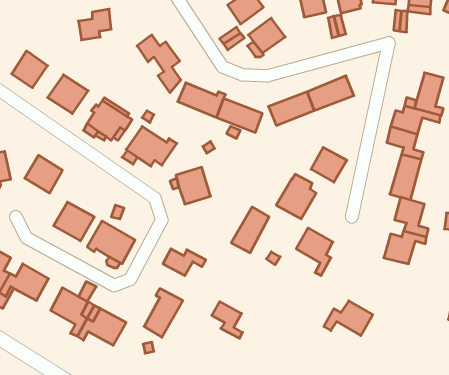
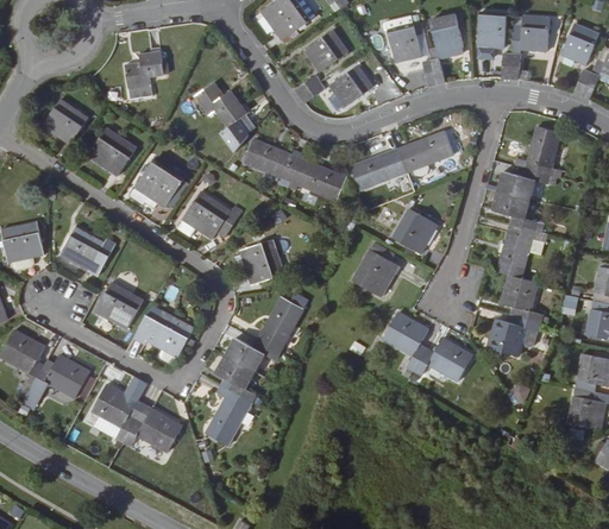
building: [231,207,269,253] -> [255,296,300,351]
building: [324,301,373,336] -> [415,339,473,380]
building: [212,302,243,338] -> [216,355,253,399]

